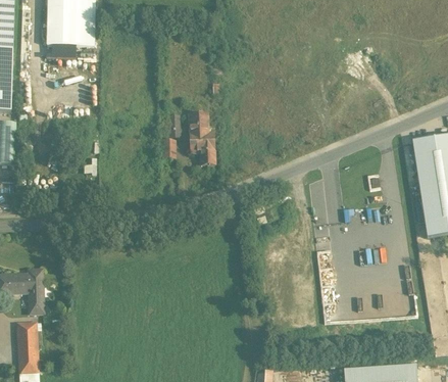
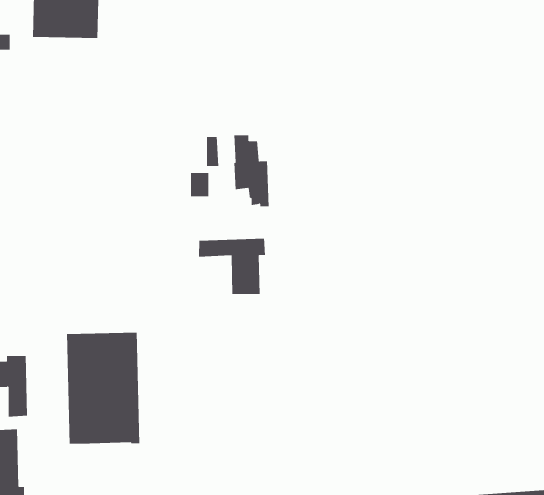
building: none -> [198,238,265,295]
building: none -> [66,332,140,444]

